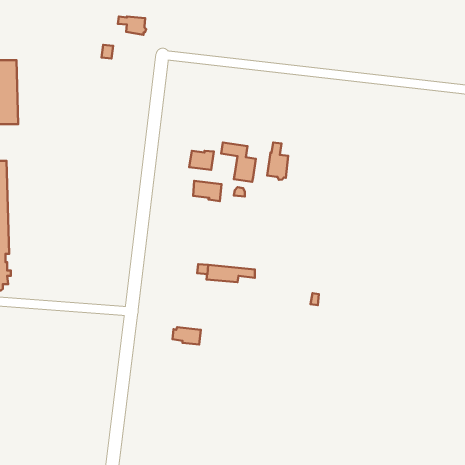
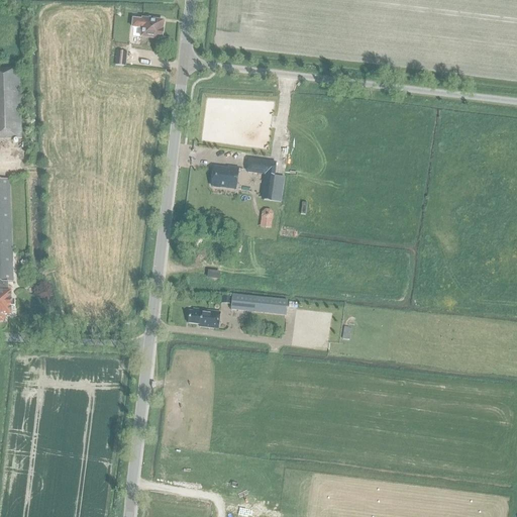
building: [267,142,288,180] -> none
building: [193,181,222,201] -> none
building: [173,327,201,345] -> [187,308,218,327]

